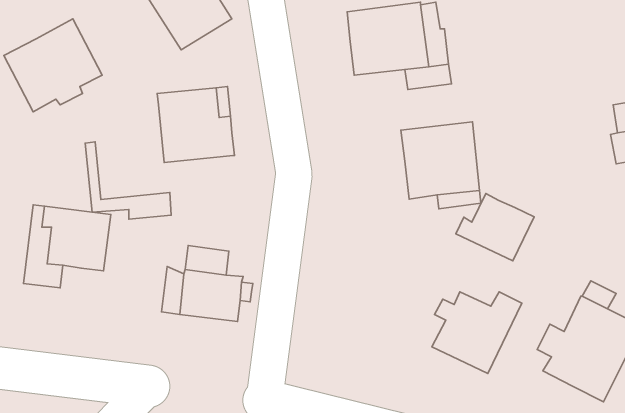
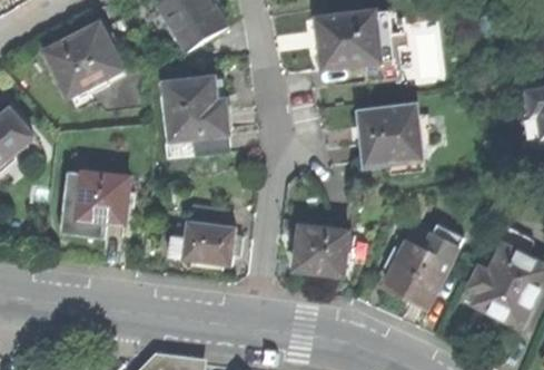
building: [85,142,171,219] -> [159,90,227,152]
building: [456,194,534,261] -> none
building: none -> [294,224,346,272]

